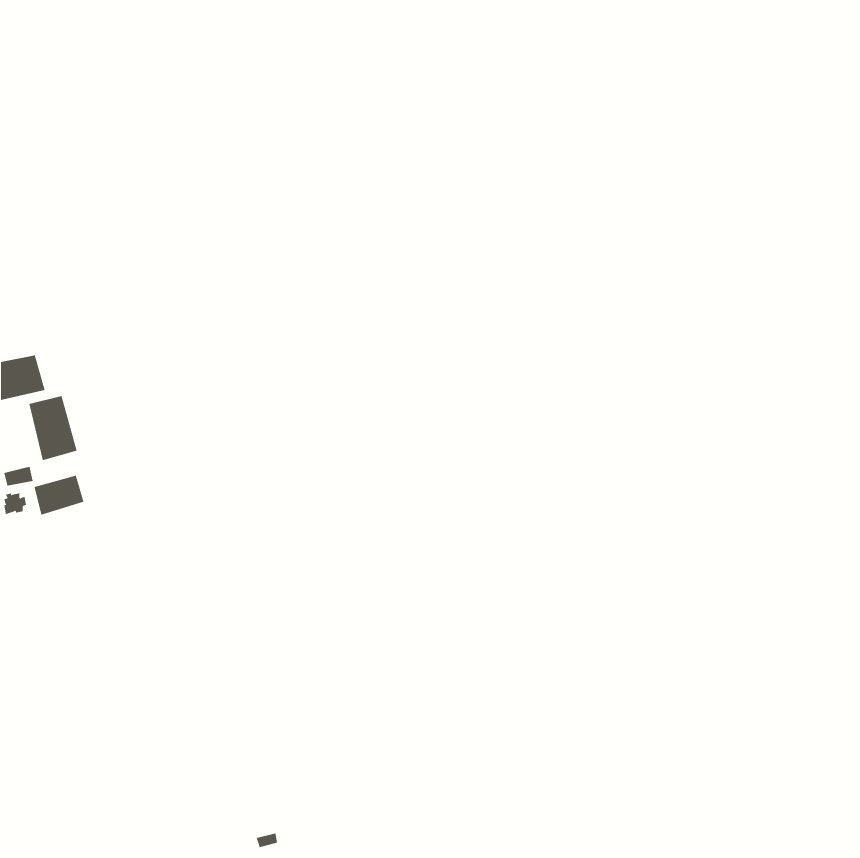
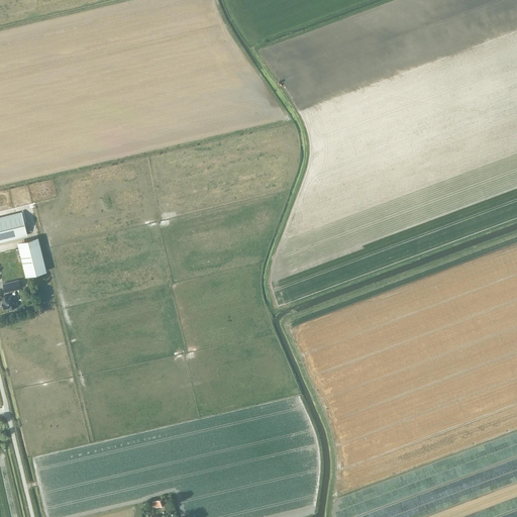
building: [34,475,84,516] -> none

